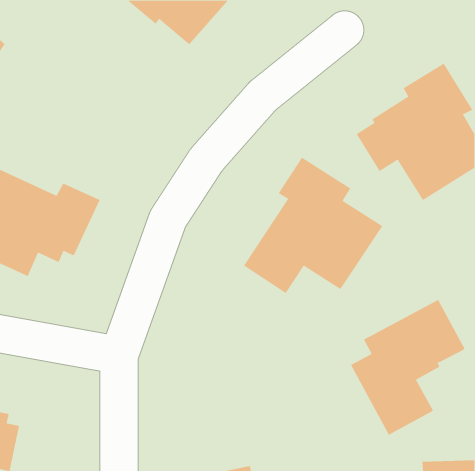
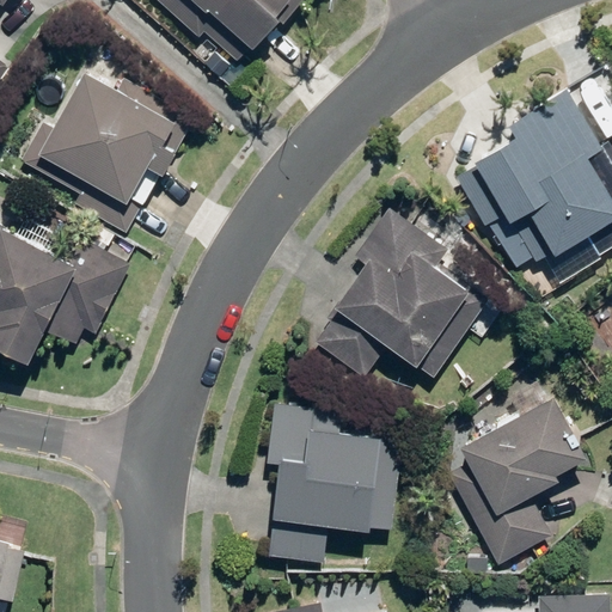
building: none -> [16,71,194,235]
building: none -> [265,405,402,567]

